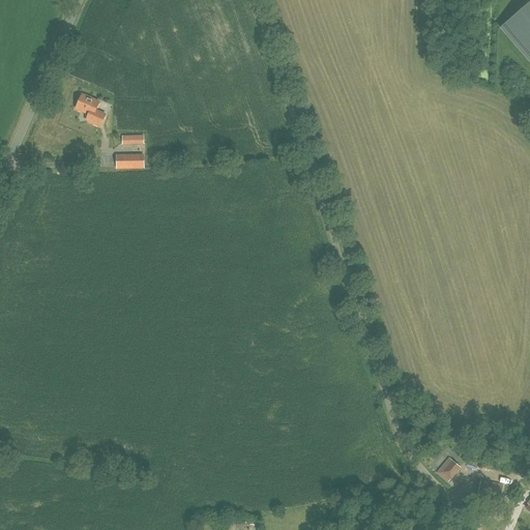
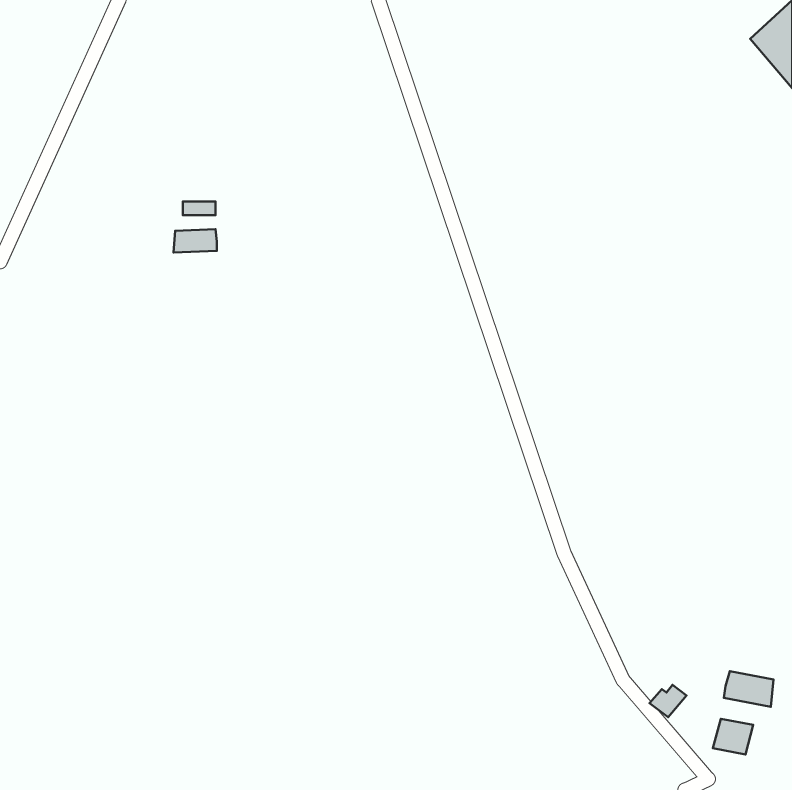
building: [77,93,105,125] -> none
building: none -> [724,671,773,707]

